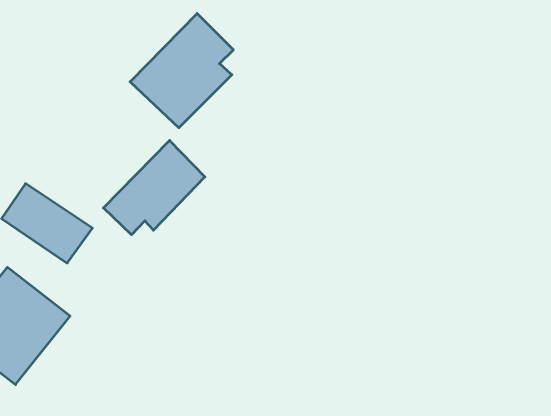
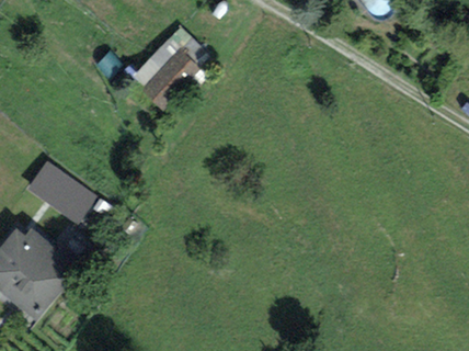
building: [103,140,205,235] -> none

